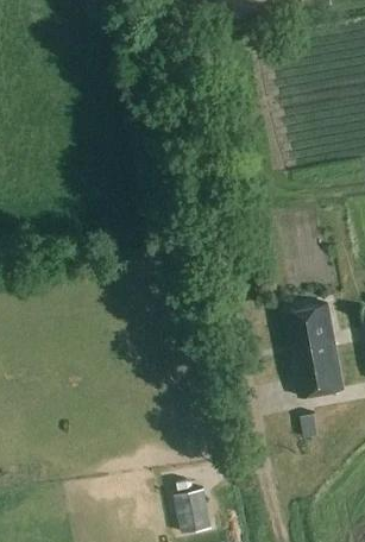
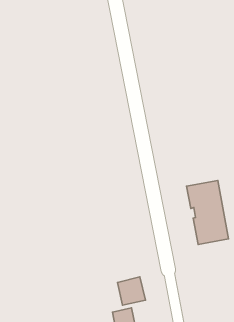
building: none -> [118,277,146,305]

